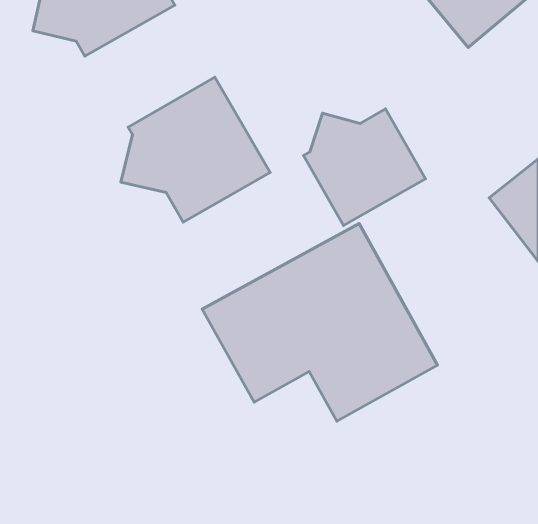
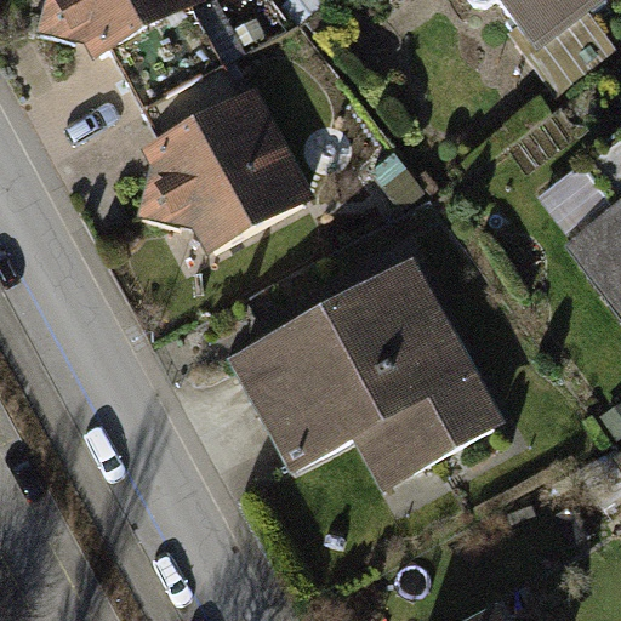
building: [303,109,426,226] -> none

